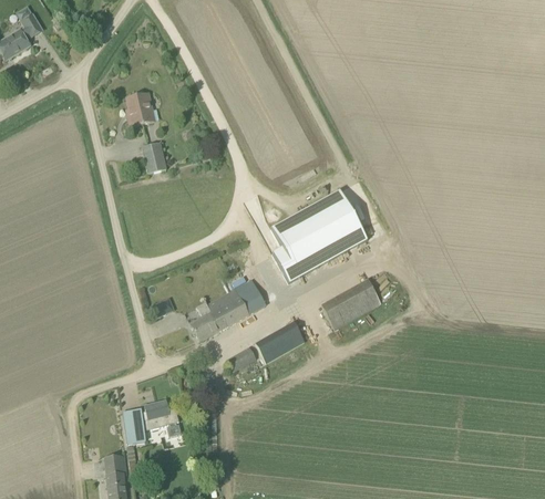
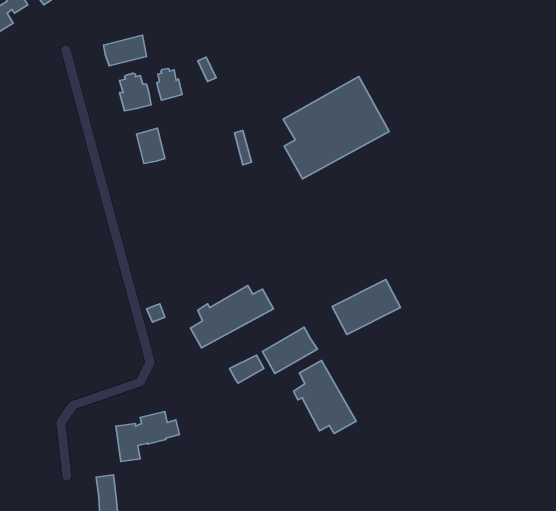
building: none -> [104,35,147,66]
building: none -> [157,69,182,100]
building: [271,190,368,283] -> [283,76,389,179]
building: none -> [294,361,356,433]

